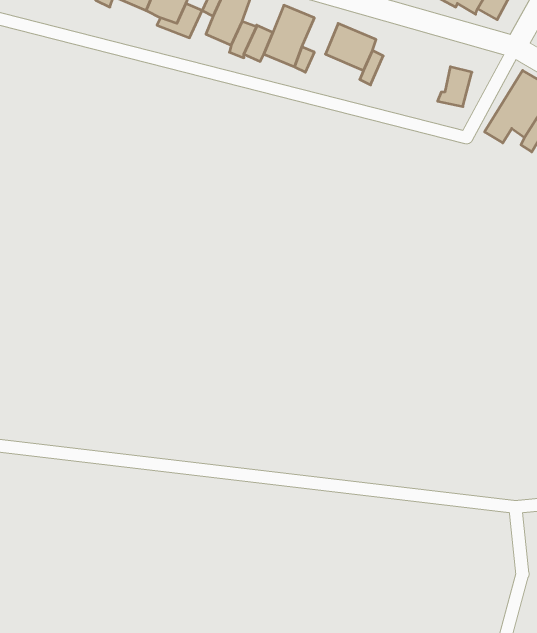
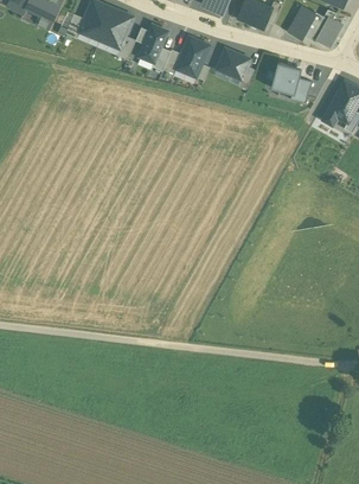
building: none -> [271,62,301,94]

